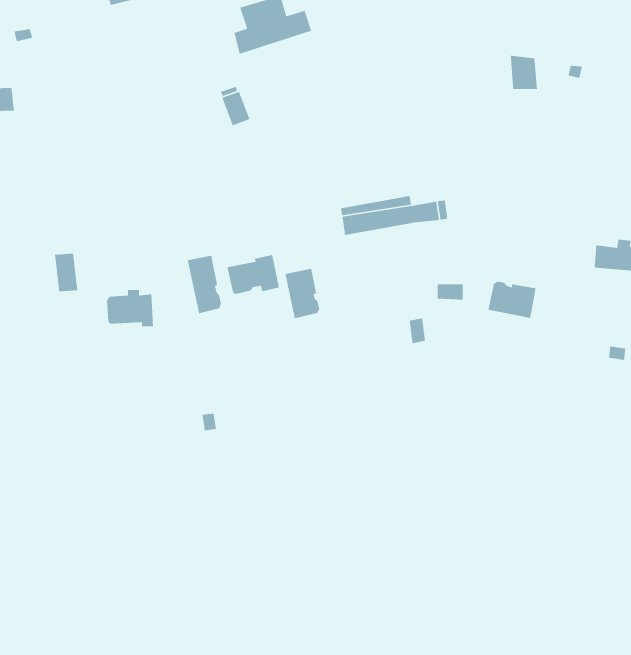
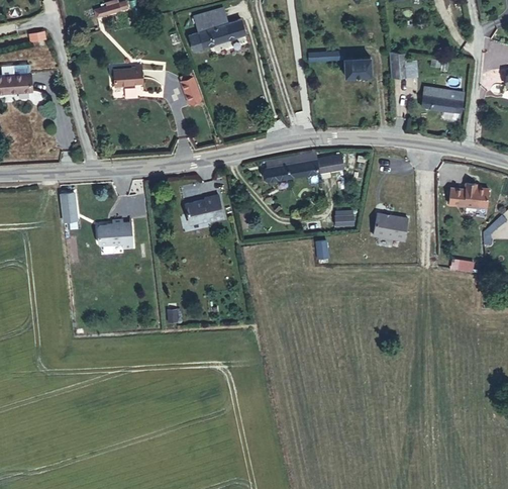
building: none -> [307,52,371,76]
building: none -> [113,68,141,86]
building: none -> [420,86,464,112]
building: [187,255,222,314] -> none
building: [285,268,320,319] -> none

